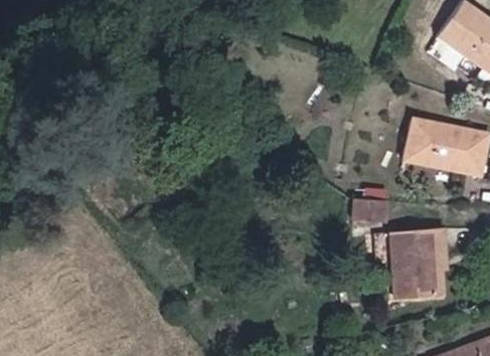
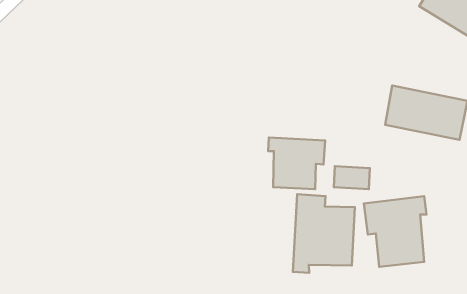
building: none -> [268,137,325,189]
building: none -> [293,194,355,273]

